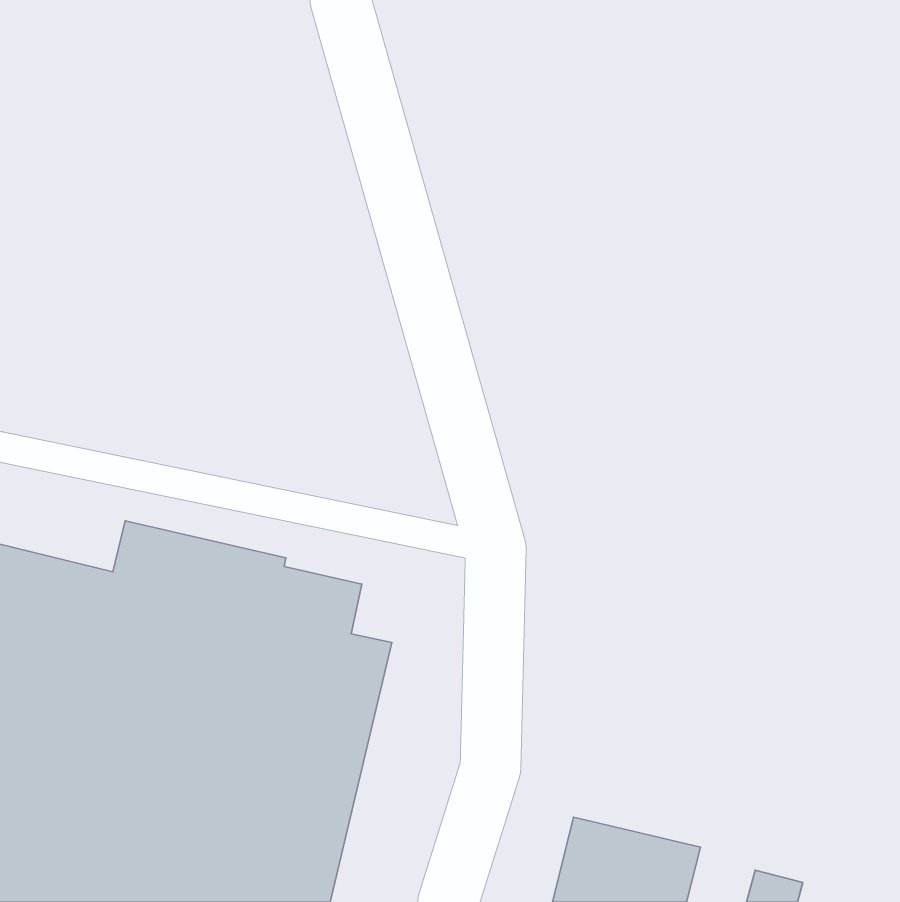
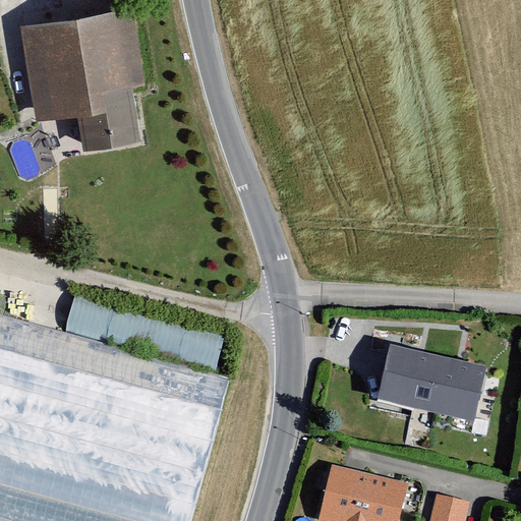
building: none -> [19,12,143,151]
building: none -> [378,345,486,419]

